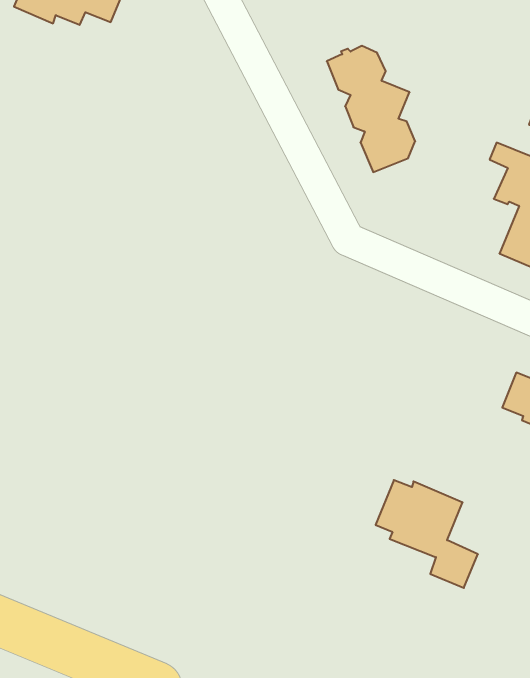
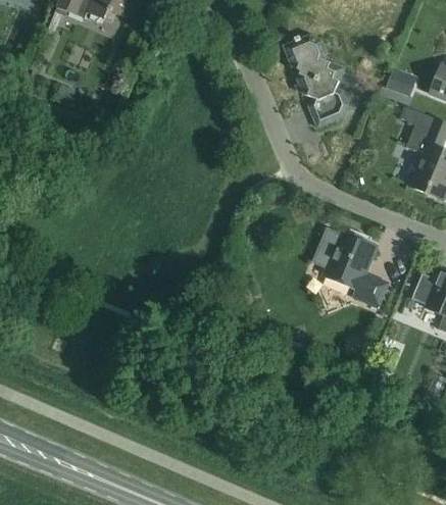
building: none -> [386,67,416,97]
building: [376,480,478,588] -> [313,230,388,308]

